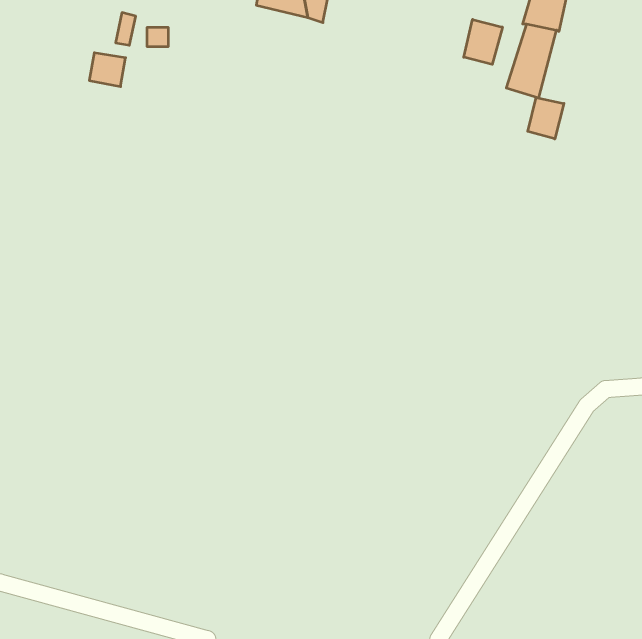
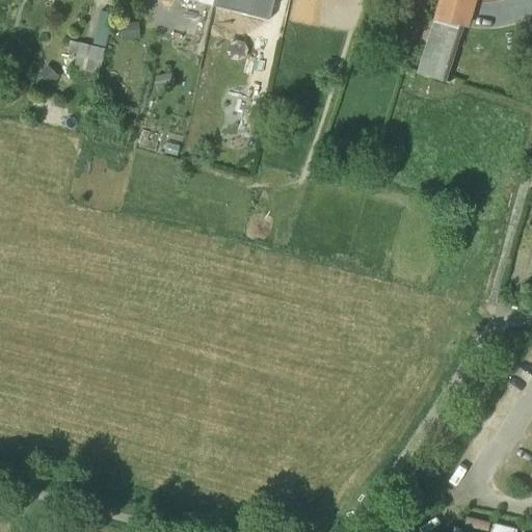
building: [464,19,502,64] -> none
building: [528,97,564,139] -> none

